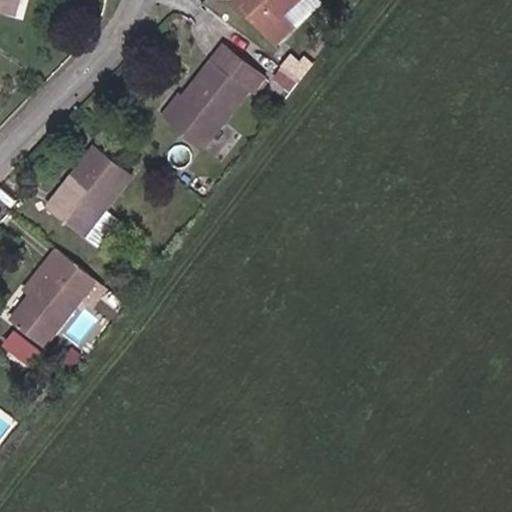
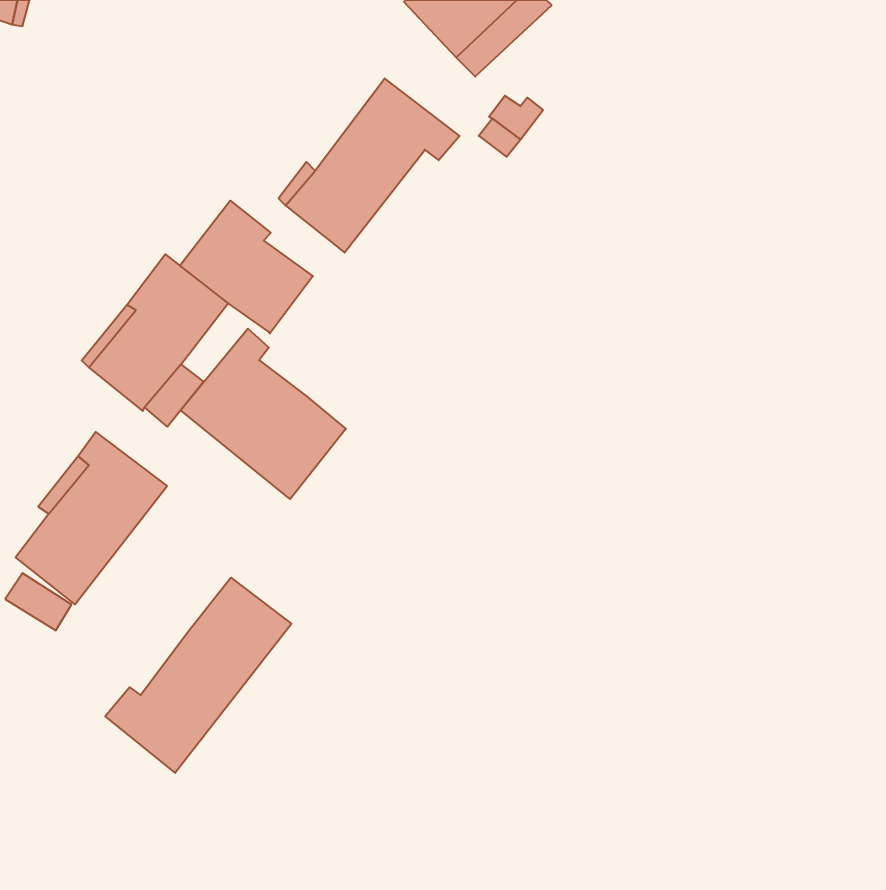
building: none -> [180,201,313,334]
building: none -> [180,329,346,499]
building: none -> [105,578,291,773]

